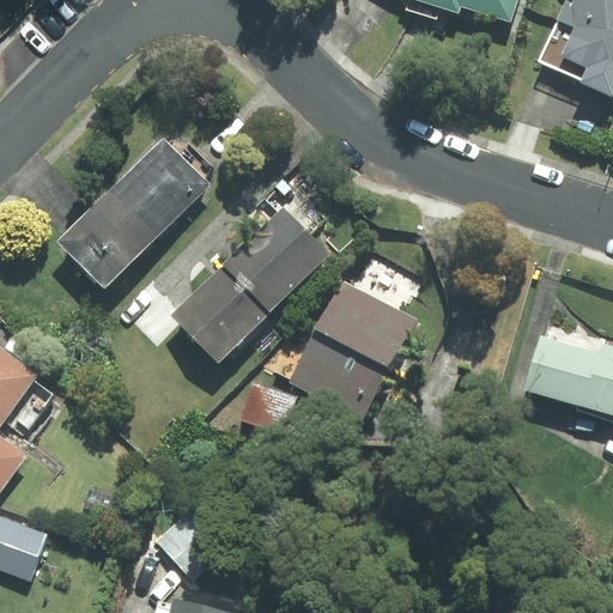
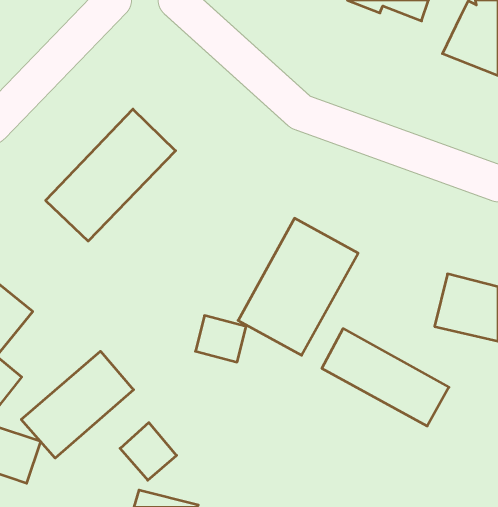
building: [170,205,333,365] -> none
building: none -> [322,329,449,426]
building: none -> [21,351,134,458]

